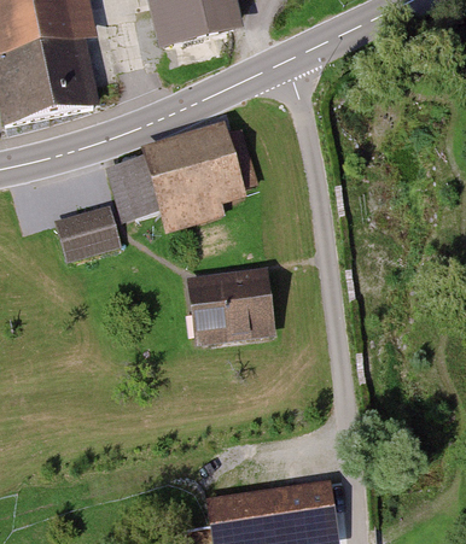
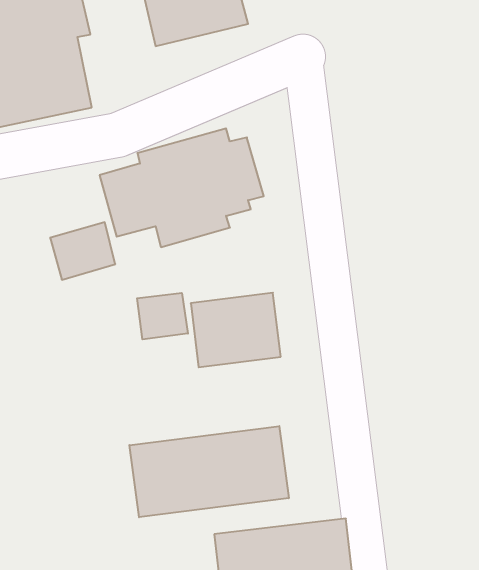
building: none -> [137,293,188,339]
building: none -> [129,426,289,517]

